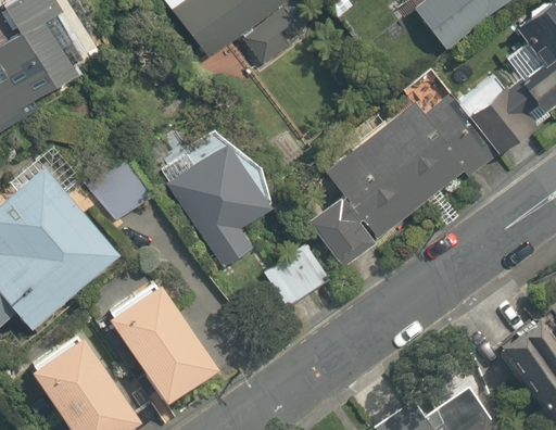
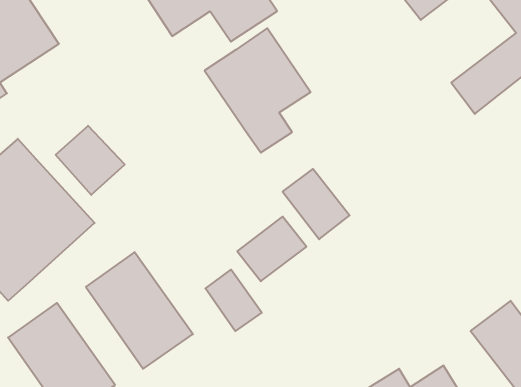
building: [325,89,503,237] -> none
building: [166,141,273,266] -> [205,28,311,153]
building: none -> [205,270,262,331]

